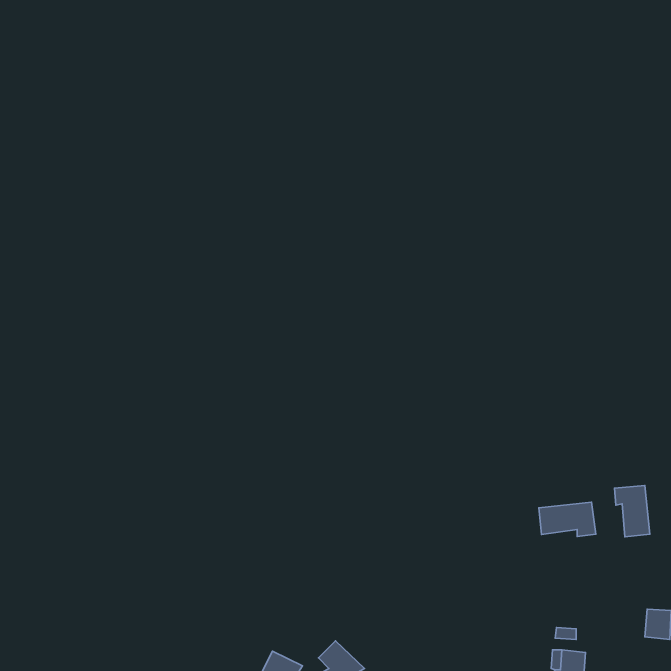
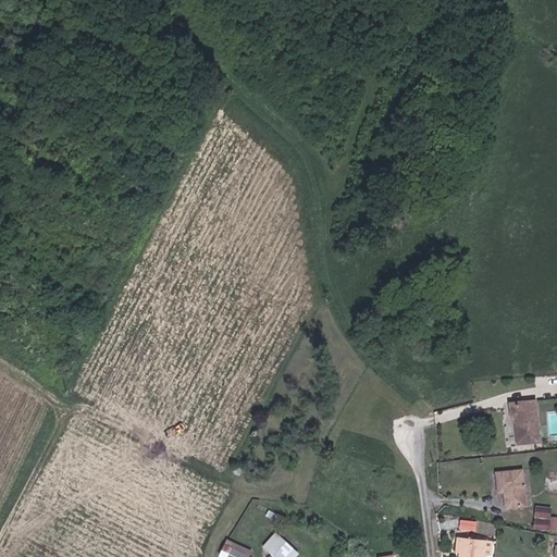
building: [539,502,596,537] -> none
building: none -> [495,472,524,509]

